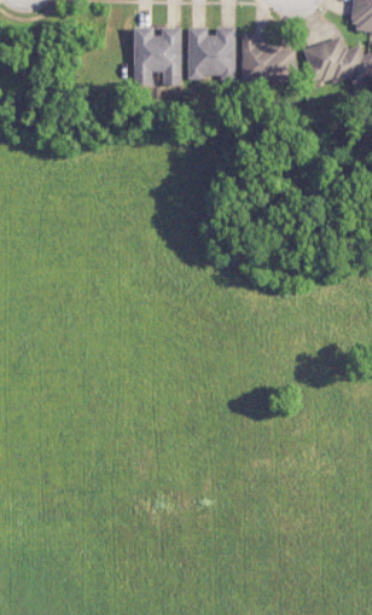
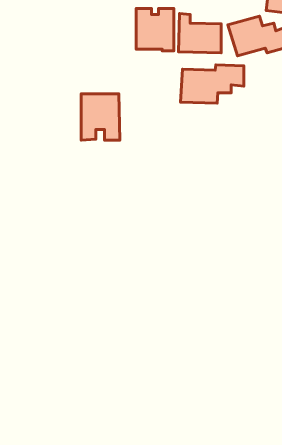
building: [133,27,181,85] -> [81,94,120,140]
building: none -> [181,65,244,103]

